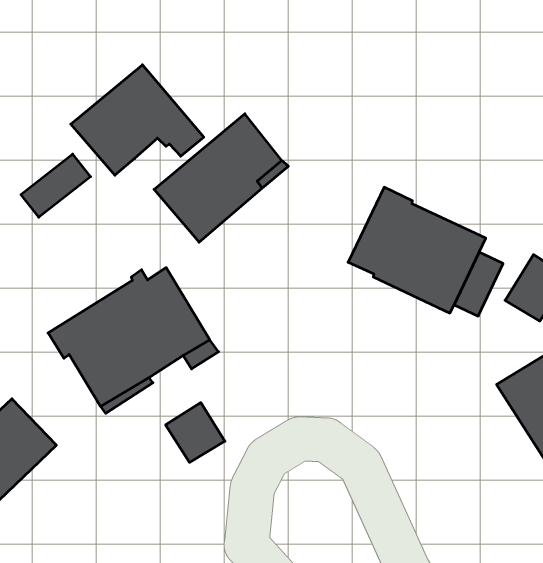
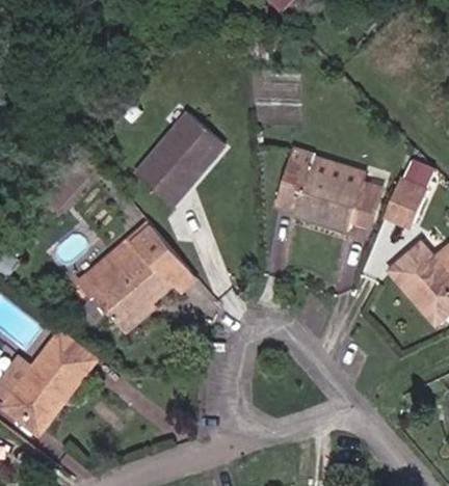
building: [71,65,204,175] -> none
building: [166,403,225,462] -> none

